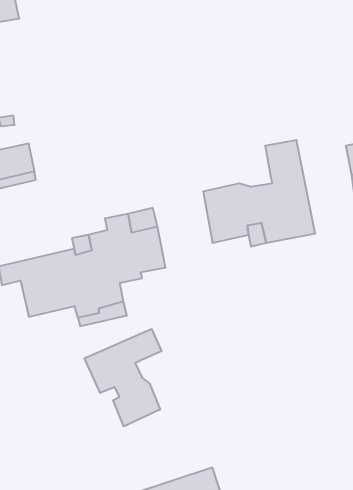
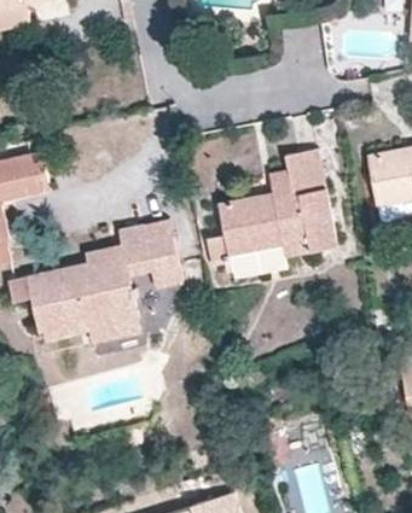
building: [85,329,162,426] -> none

